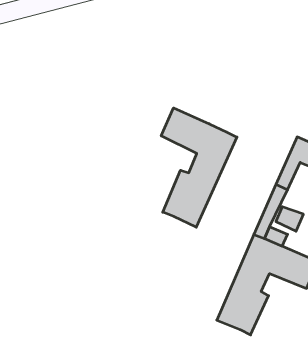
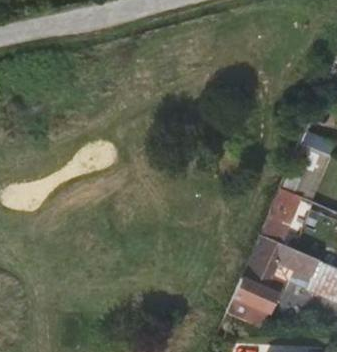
building: [161,108,237,227] -> none

